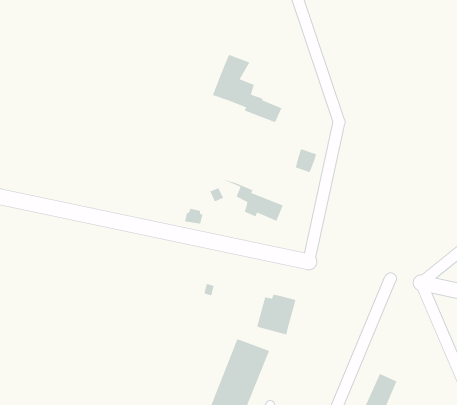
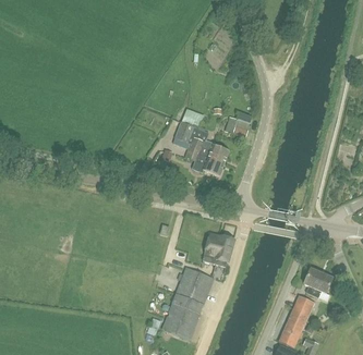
building: [212,54,282,123] -> [173,108,229,162]
building: none -> [303,267,332,296]

